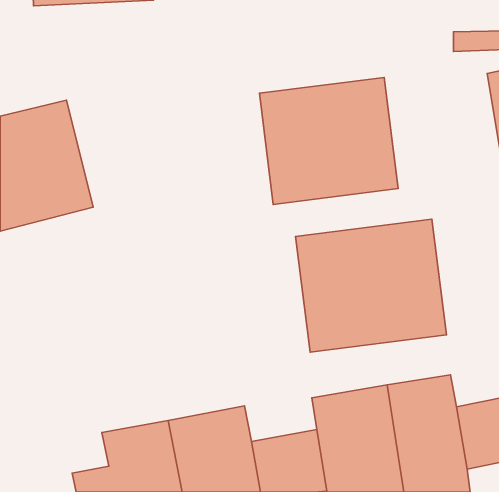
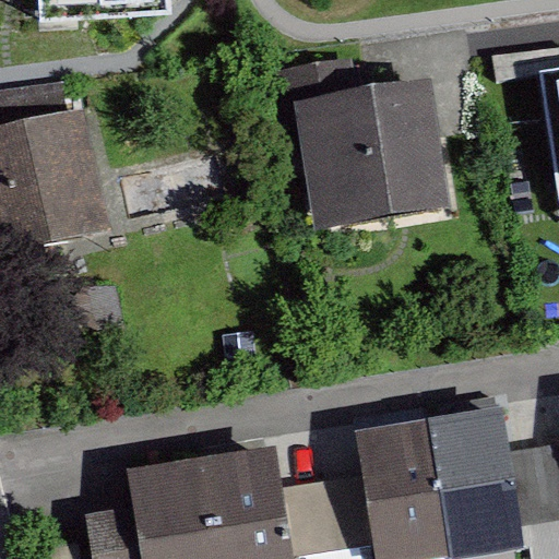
building: [296,219,446,352] -> none

